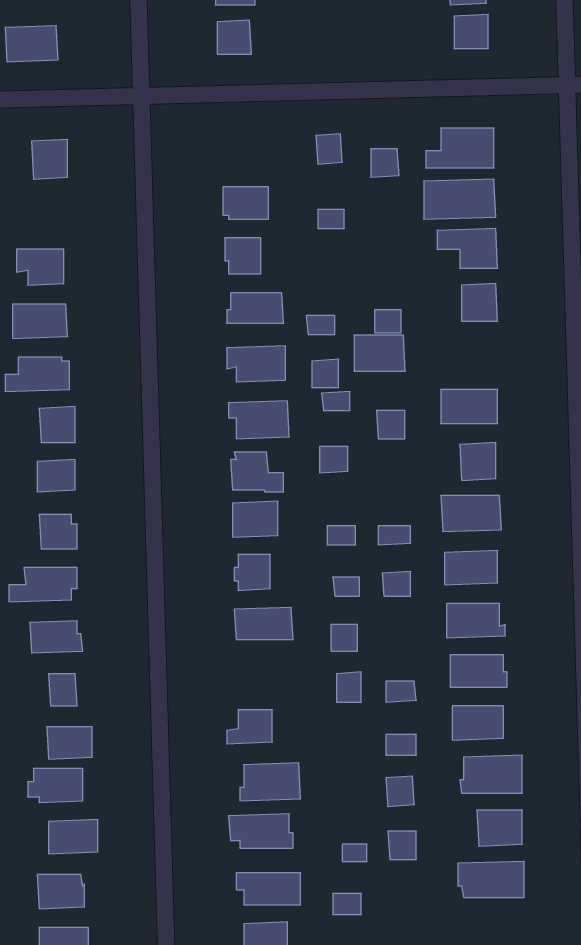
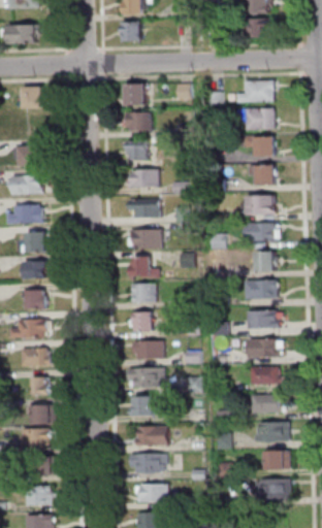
building: none -> [124,84,144,105]
building: [354,335,405,371] -> [247,196,275,216]
building: none -> [127,368,164,389]

